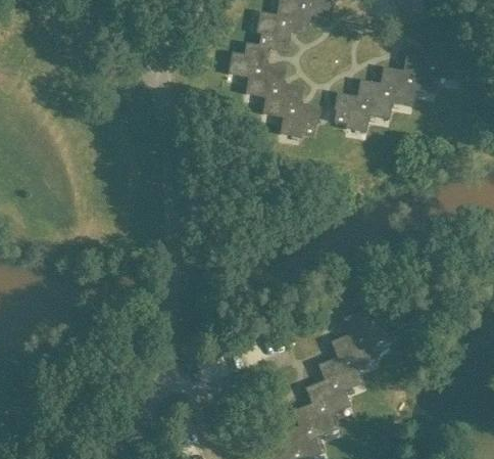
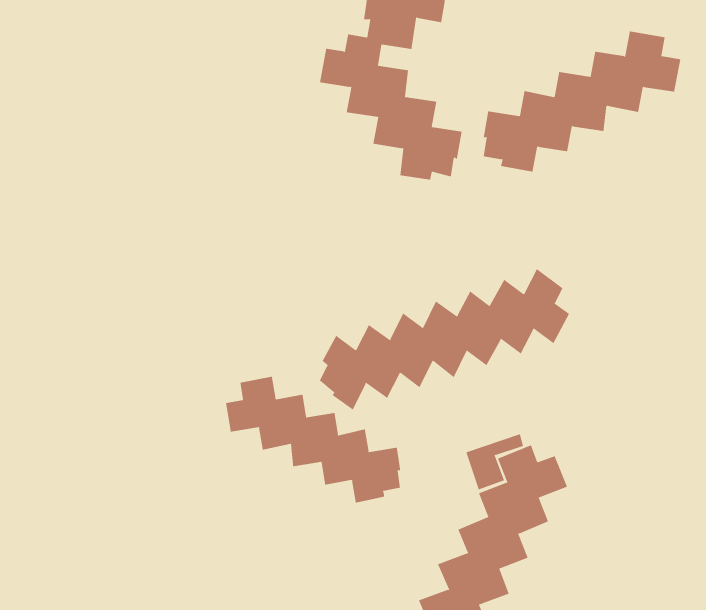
building: none -> [319,268,570,410]
building: none -> [225,376,401,503]

